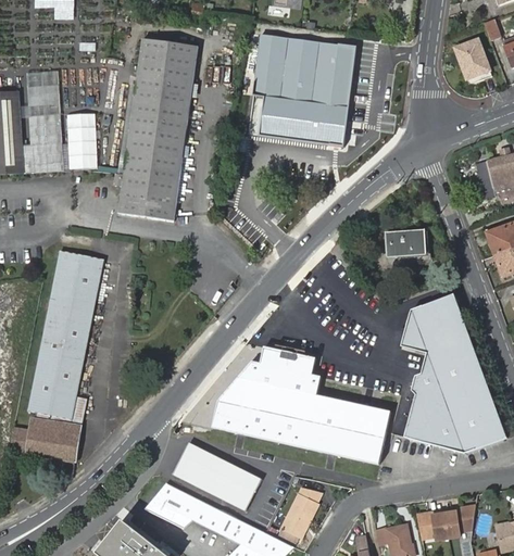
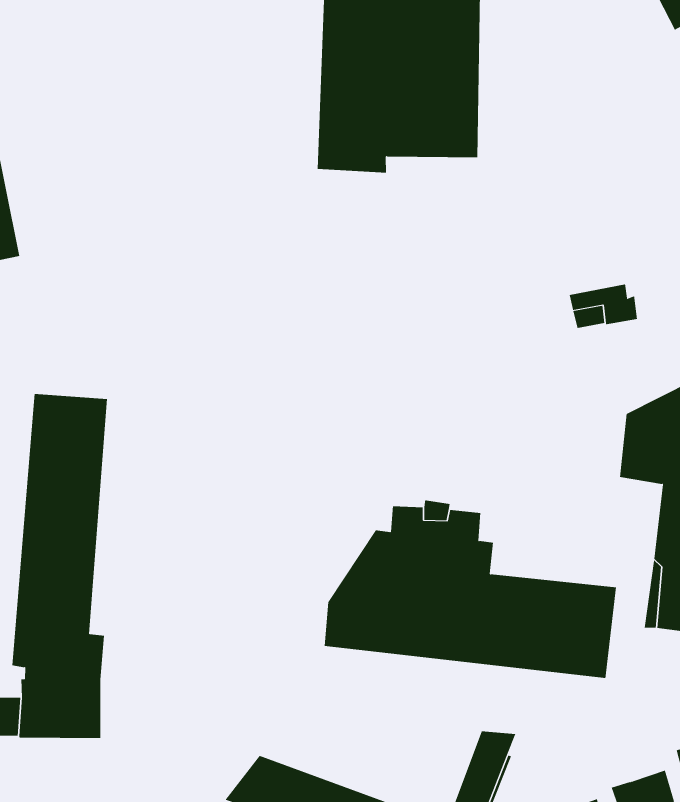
building: [111,38,196,219] -> none
building: [66,112,96,168] -> none
building: [172,443,261,510] -> none

